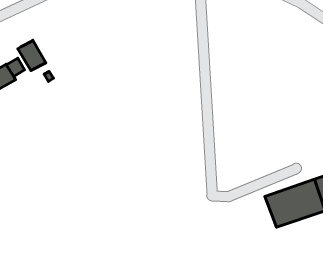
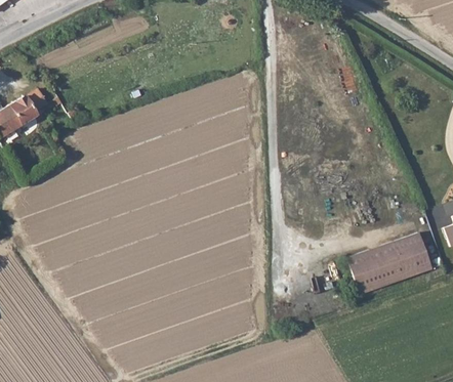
building: [18,40,46,70] -> none

